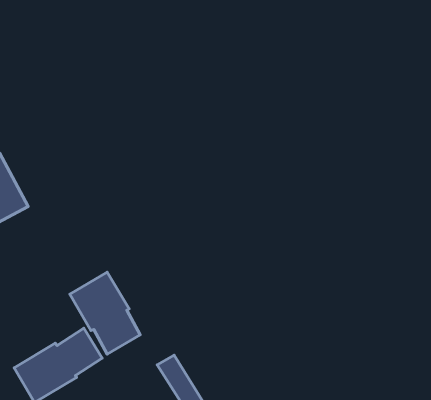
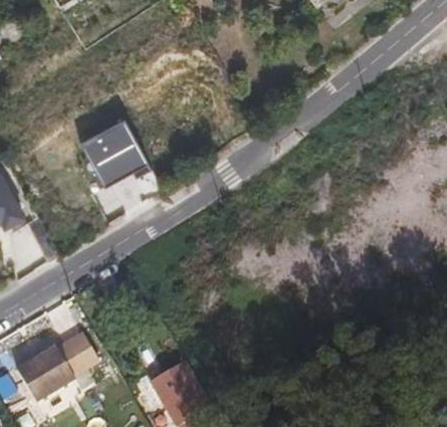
building: none -> [81,121,151,187]
building: [70,272,140,354] -> none

